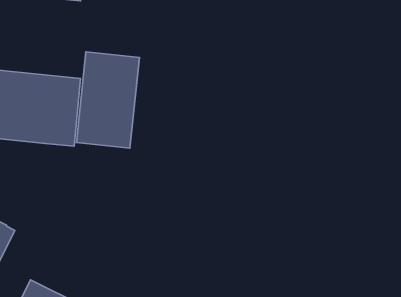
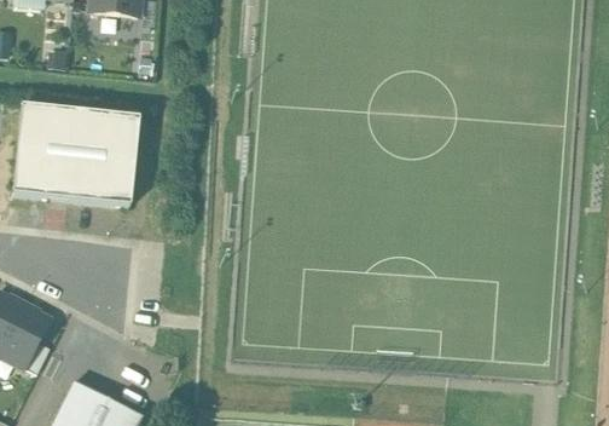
building: [77,52,139,148] -> none

